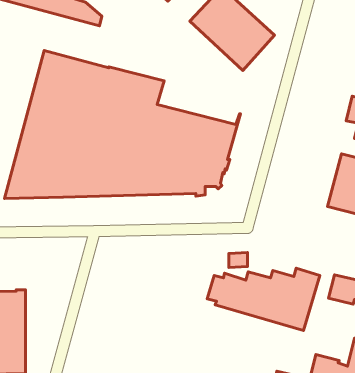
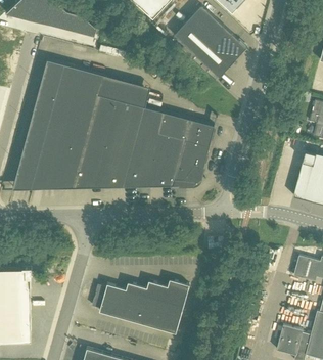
building: [207,268,320,331] -> [92,280,190,334]

